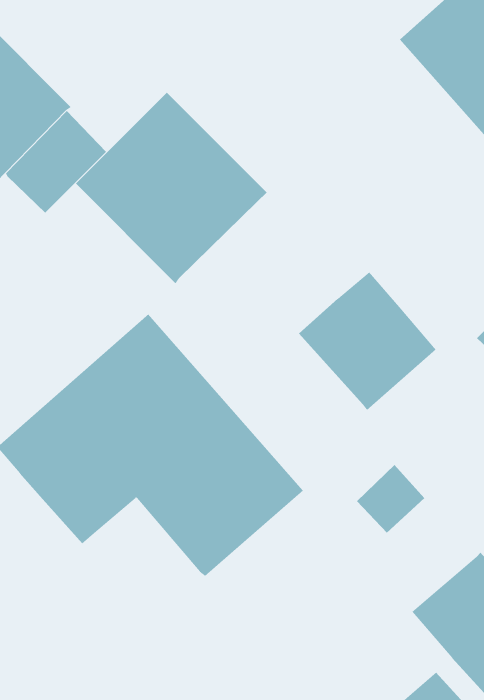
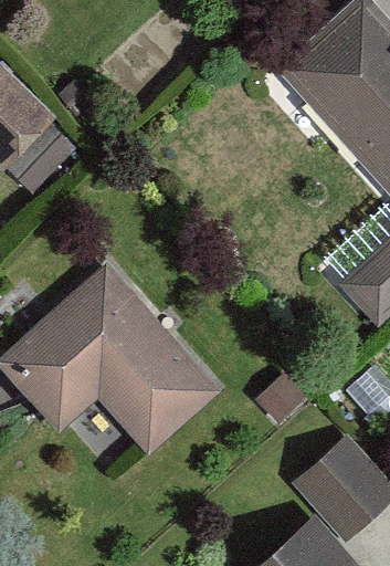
building: [75,92,267,284] -> none
building: [298,271,436,411] -> none

